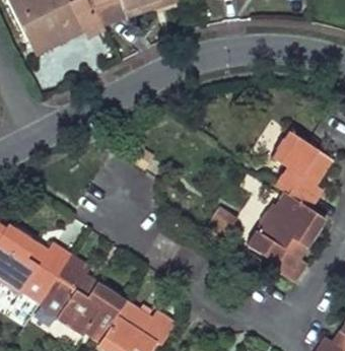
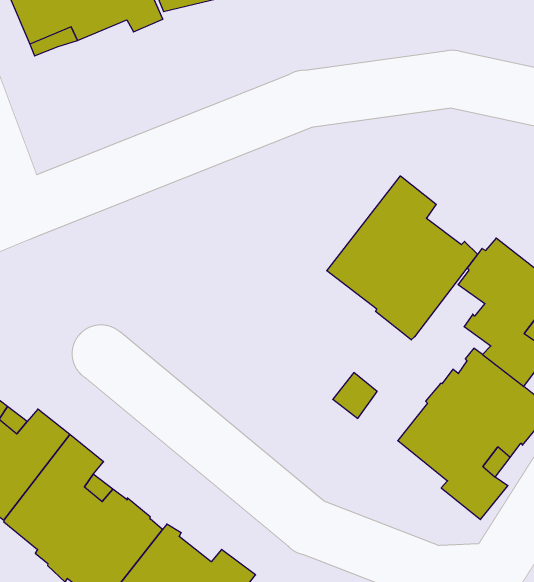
building: none -> [327,176,478,340]

